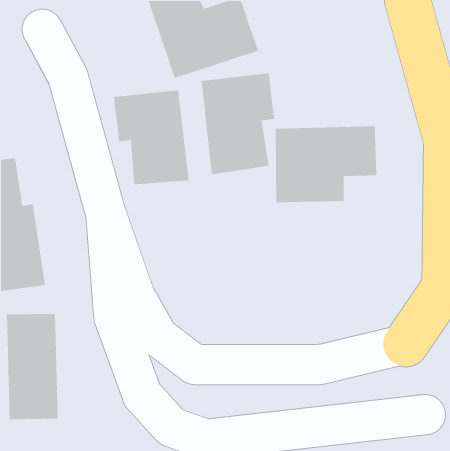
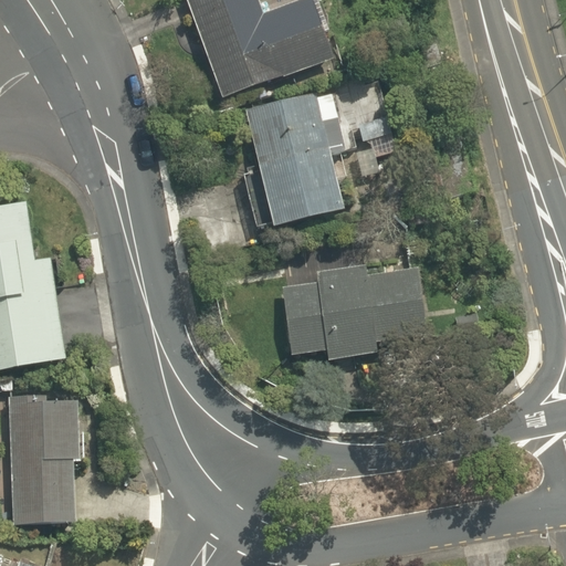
building: [113,89,189,185] -> none
building: [275,125,377,203] -> [287,262,416,359]

